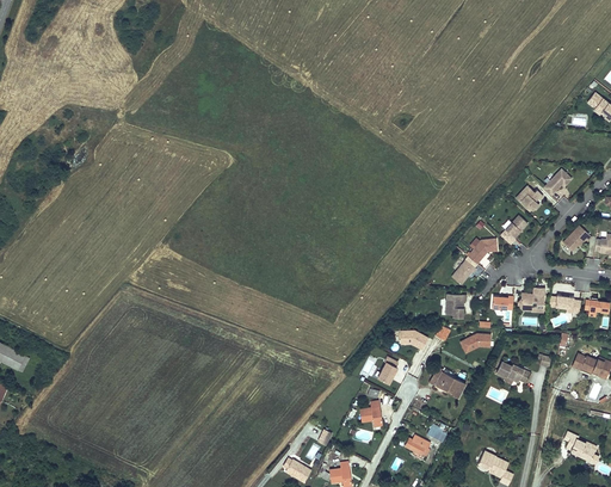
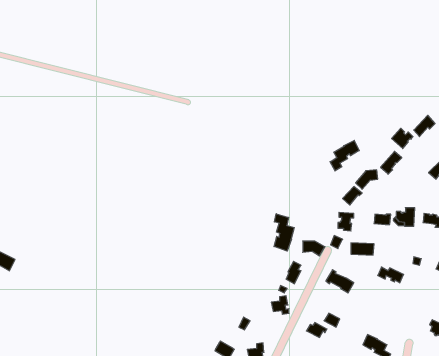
building: none -> [330,140,359,171]
building: none -> [274,214,294,251]

